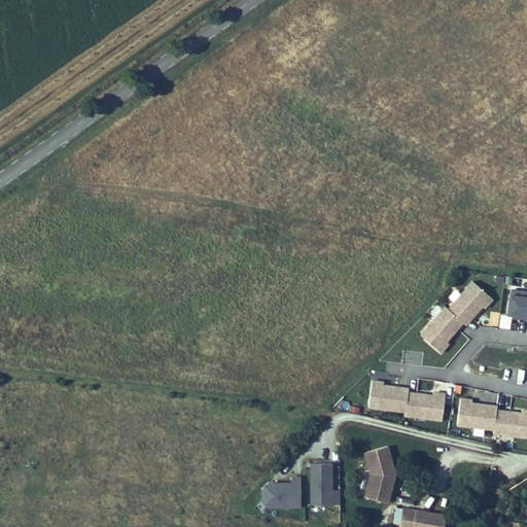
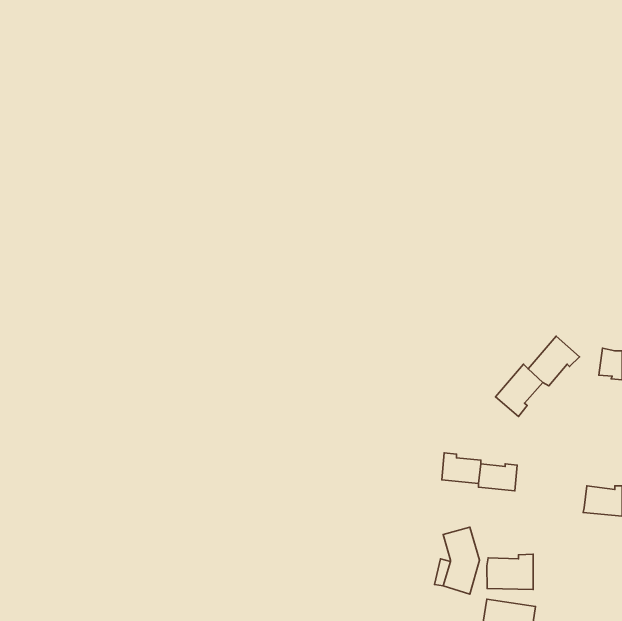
building: [458,401,496,430] -> none
building: [307,461,340,515] -> none
building: none -> [487,554,533,590]
building: [261,475,301,507] -> none

